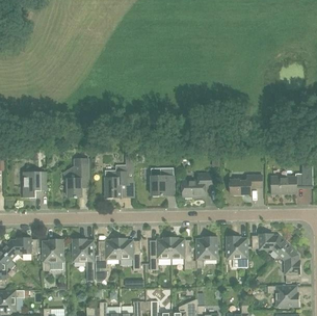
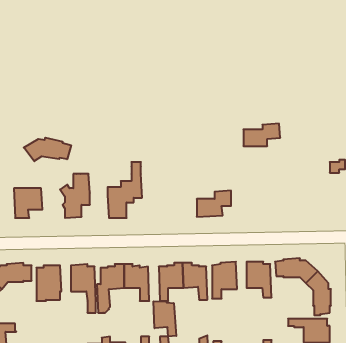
building: none -> [24,138,71,161]
building: [150,166,174,194] -> none
building: [270,173,301,192] -> none
building: [230,174,262,193] -> [243,124,280,146]
building: none -> [154,301,176,337]

